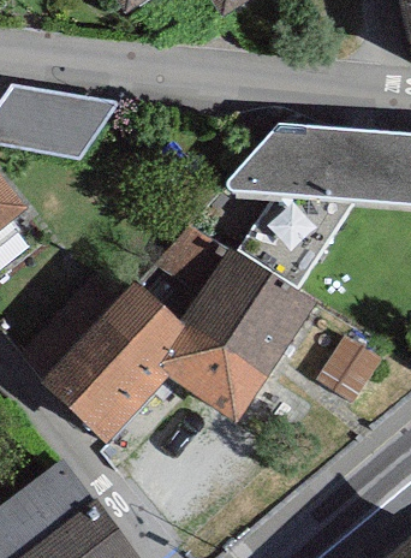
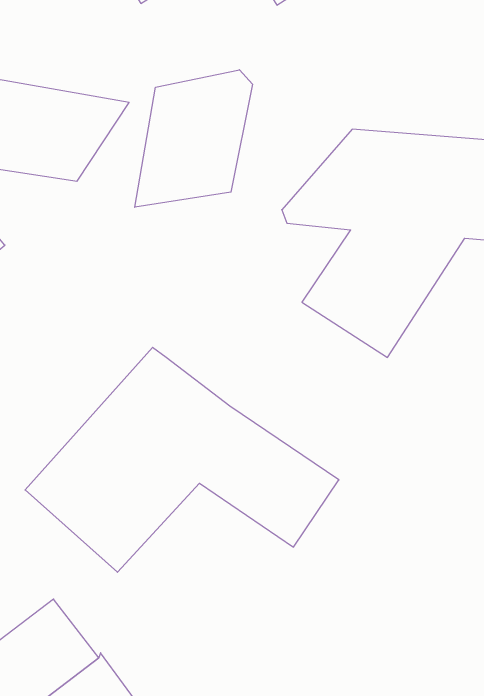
building: none -> [135,70,253,207]
building: [143,224,315,372] -> none

